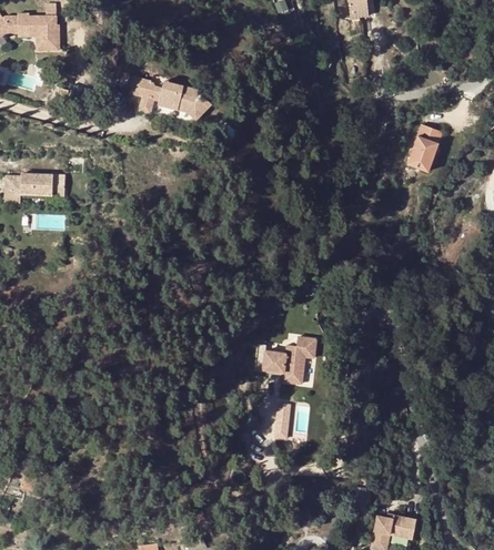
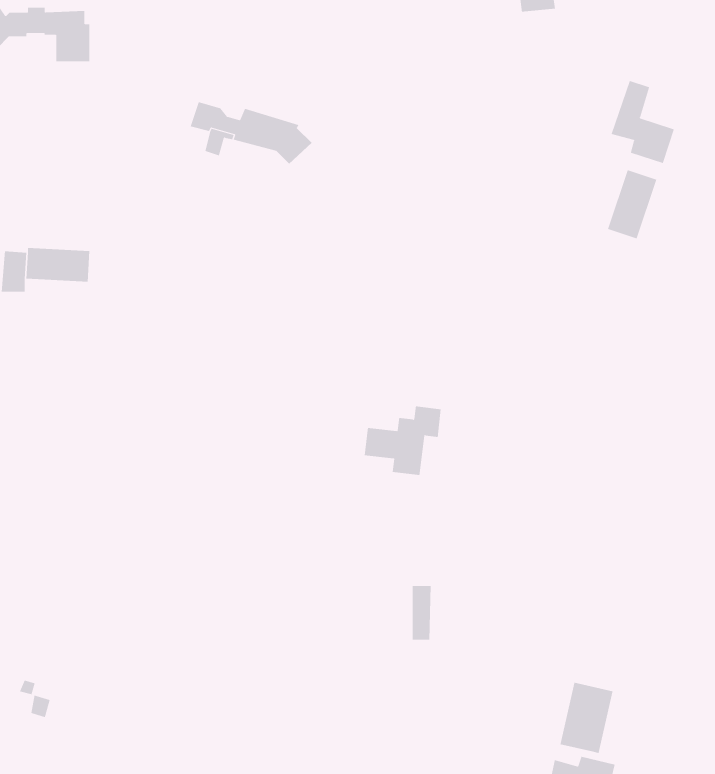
building: none -> [611,80,675,164]
building: [263,337,315,384] -> [364,406,442,476]
building: none -> [560,682,613,754]

